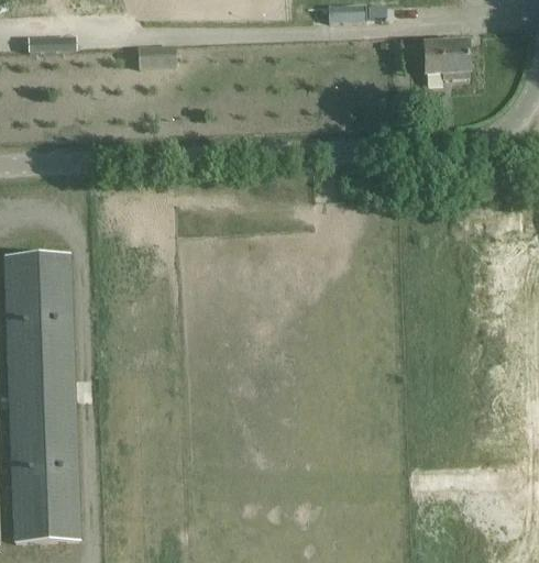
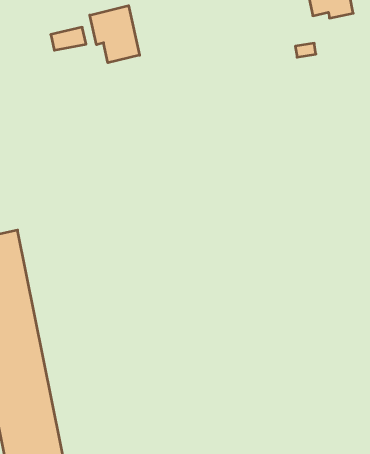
building: none -> [90,6,140,63]

